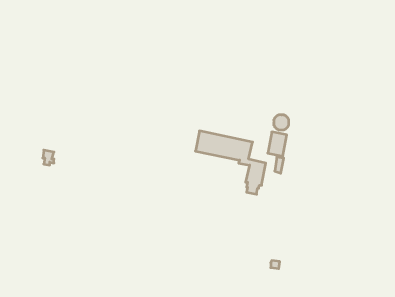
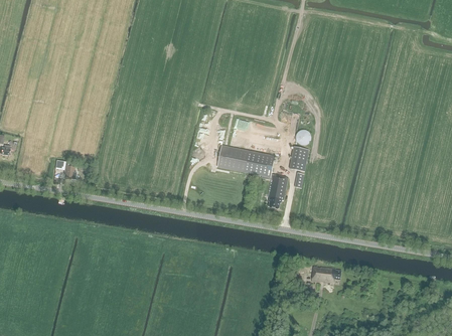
building: none -> [312,265,341,284]

